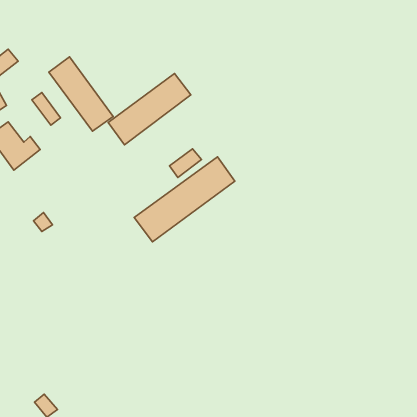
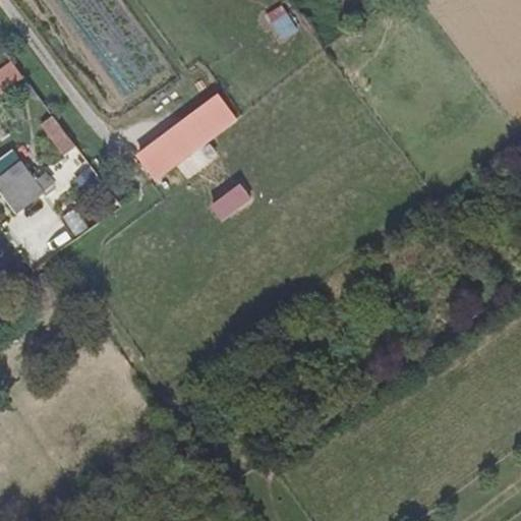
building: [49,57,113,131] -> none
building: [134,157,235,242] -> none

